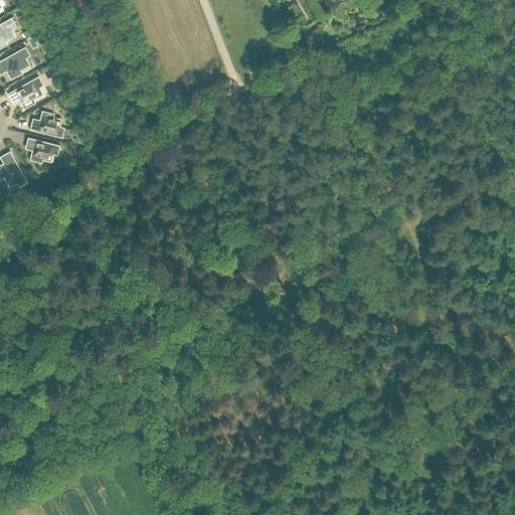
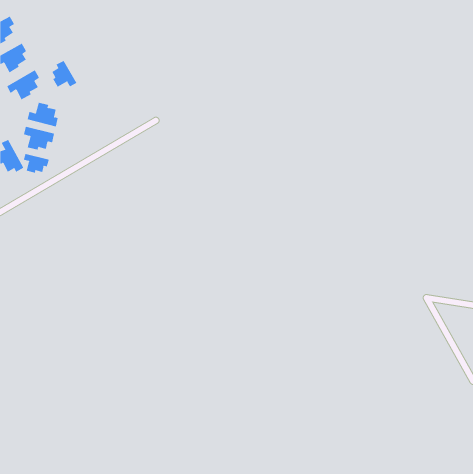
building: none -> [51,60,77,88]
building: none -> [23,153,50,174]

